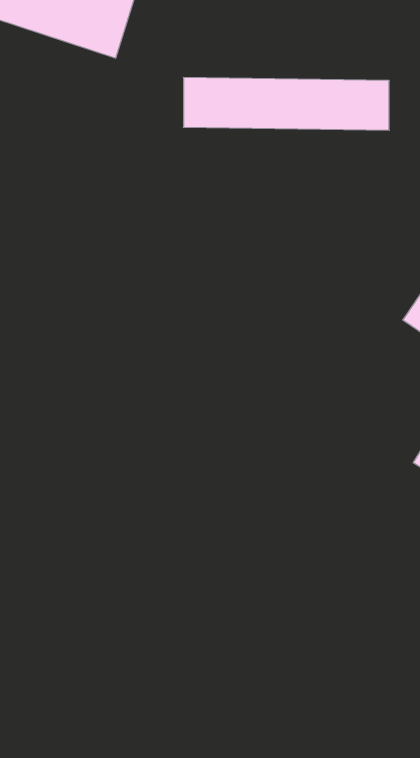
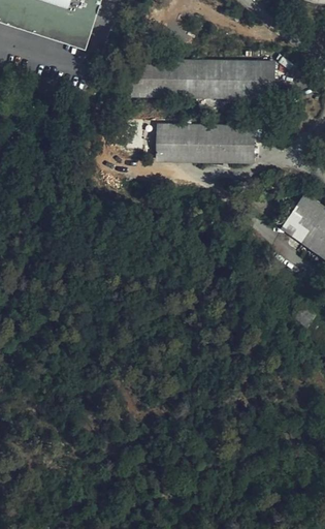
building: none -> [155,125,252,161]

